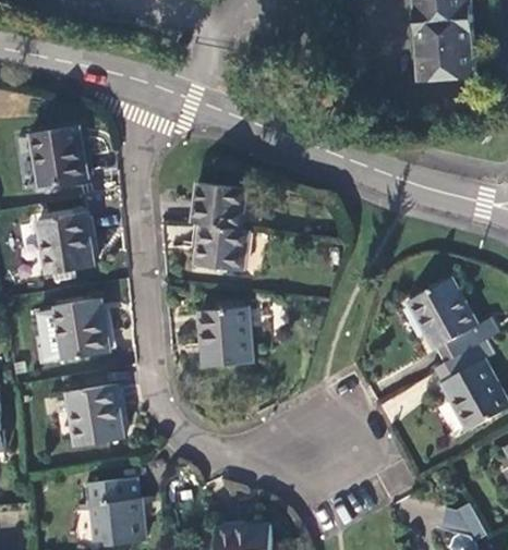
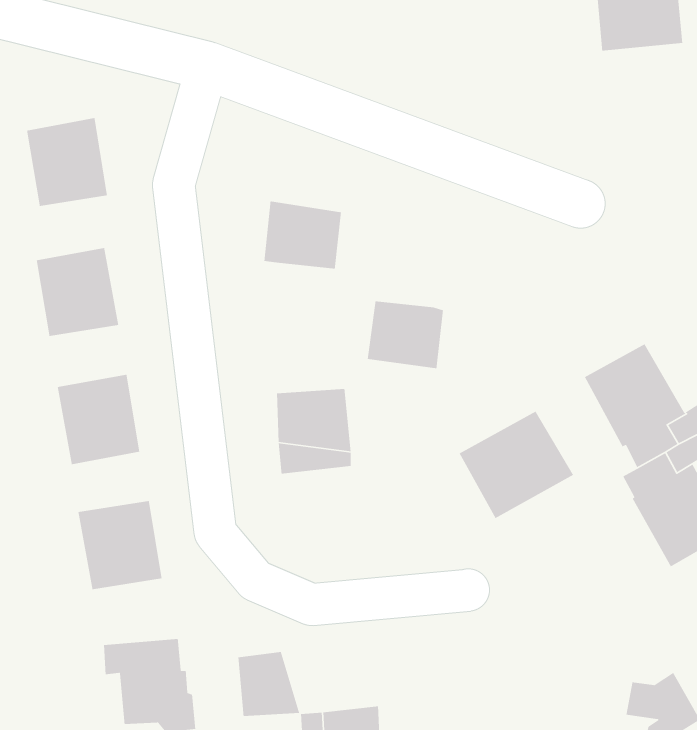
building: [194,223,246,270] -> [367,300,444,369]
building: none -> [459,410,574,519]
building: none -> [237,651,300,717]

